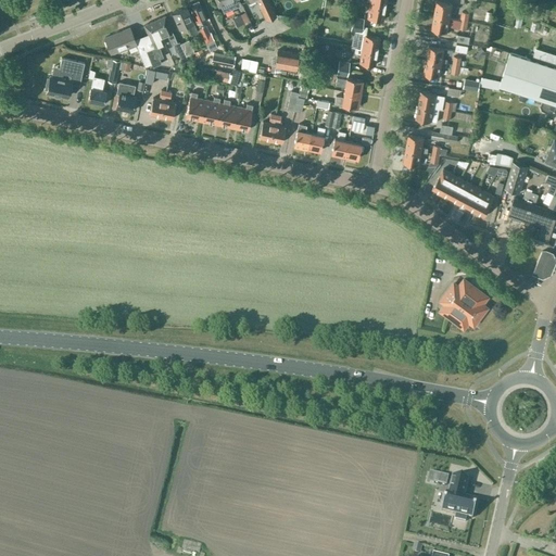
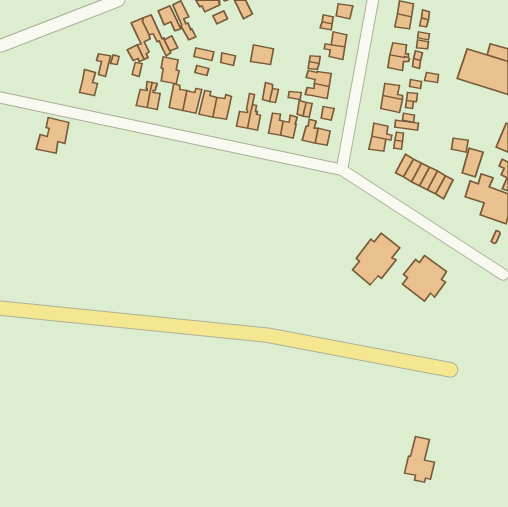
building: [104,28,136,54] -> none
building: [48,59,84,98] -> [36,118,69,153]
building: [116,83,136,112] -> [161,57,179,84]
building: none -> [352,233,400,285]

